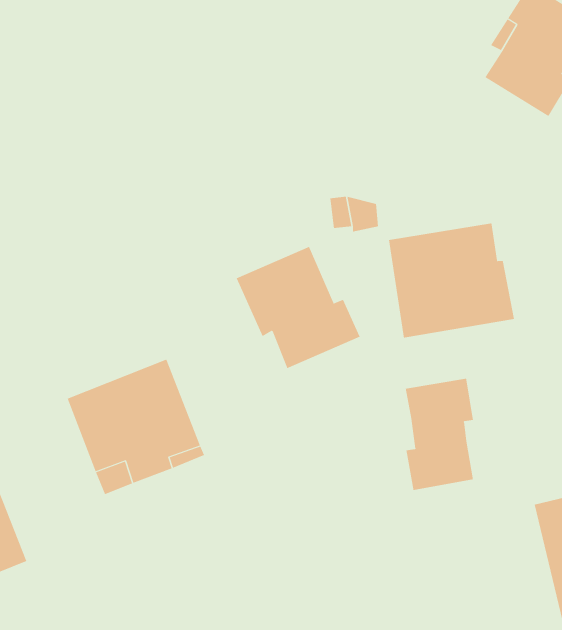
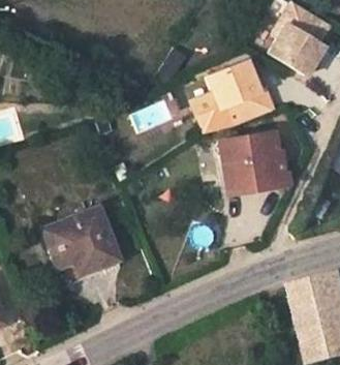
building: [236,246,361,369] -> [202,57,270,124]
building: [405,378,473,491] -> none

